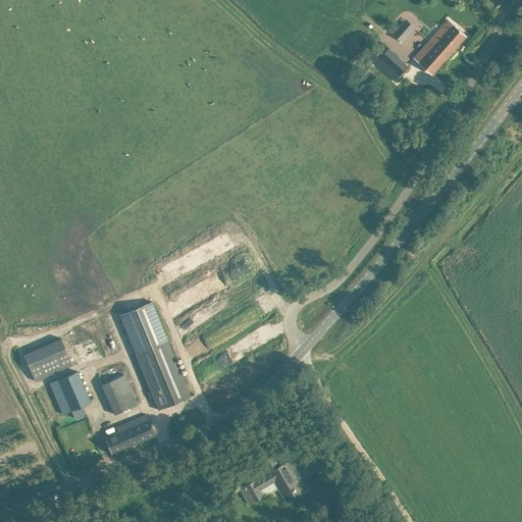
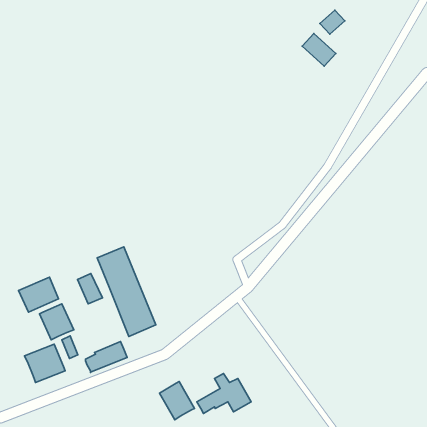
building: [413,20,466,75] -> none
building: [106,375,137,412] -> [77,274,102,304]
building: none -> [25,344,65,383]
building: none -> [160,382,194,420]

